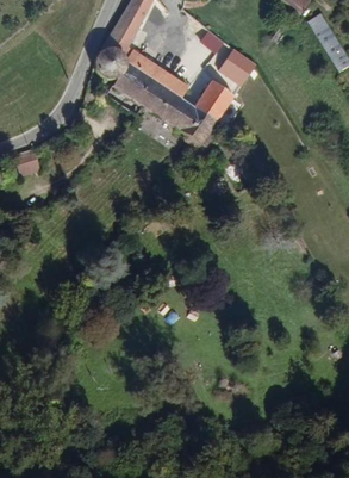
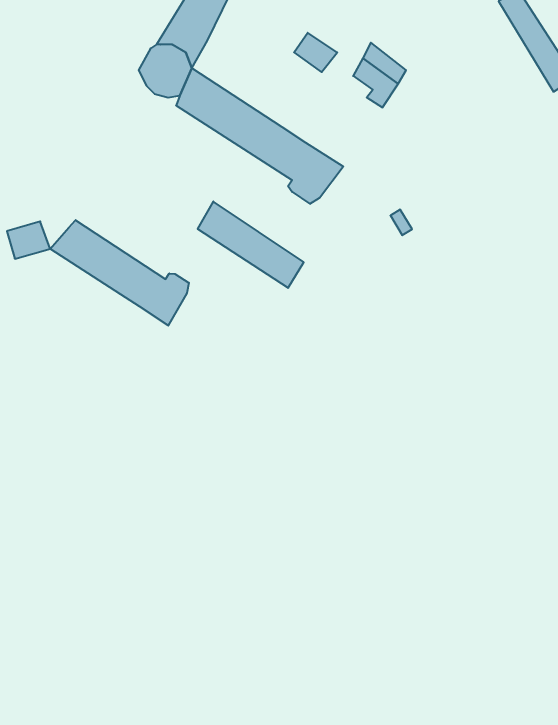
building: [124,44,188,97] -> [198,201,304,288]
building: [193,76,233,120] -> none
building: none -> [50,220,189,326]

